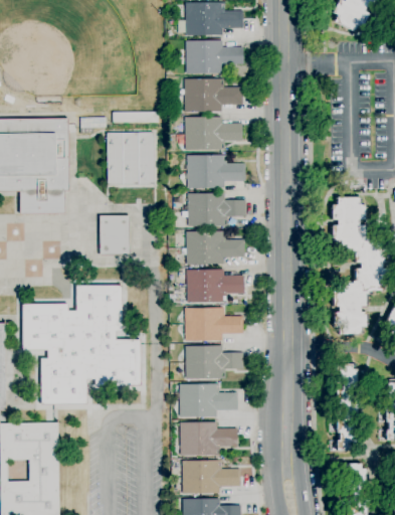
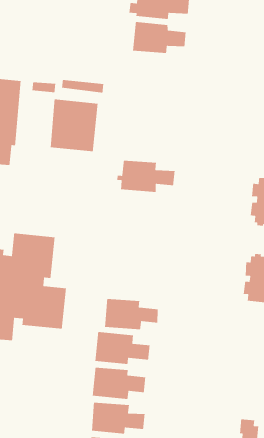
building: [185,78,242,112] -> none
building: [185,117,243,149] -> none
building: [187,154,245,187] -> none
building: [100,215,131,254] -> none
building: [182,230,245,265] -> none
building: [187,269,244,302] -> none
building: [185,307,243,340] -> none
building: [336,364,358,451] -> none

